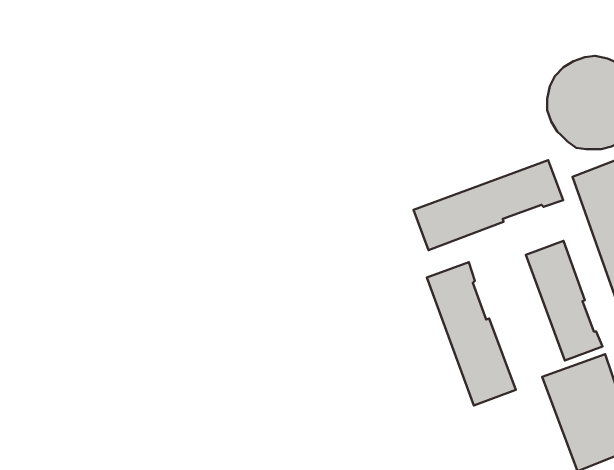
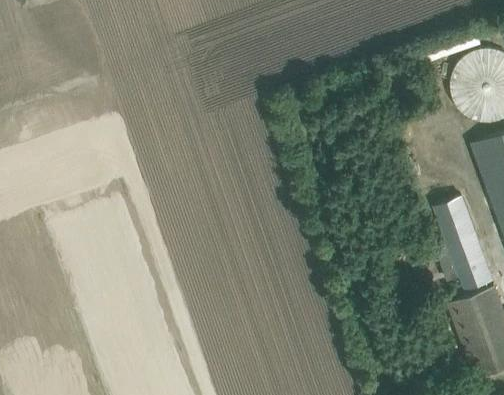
building: [414,160,563,250] -> none
building: [427,262,516,405] -> none

